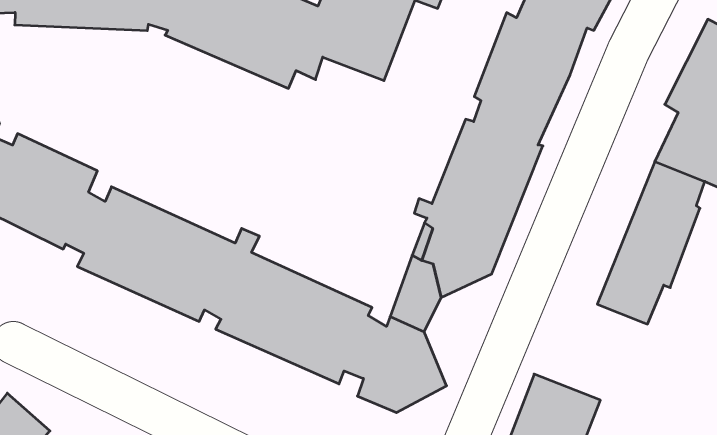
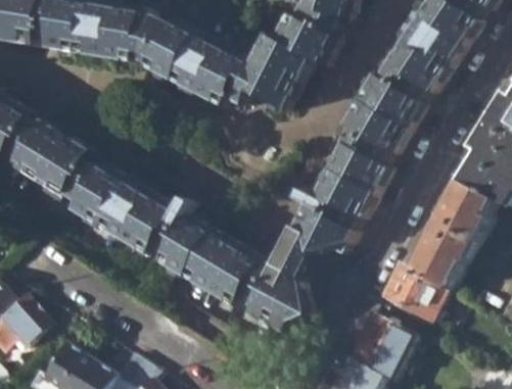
building: none -> [374,261,439,322]

